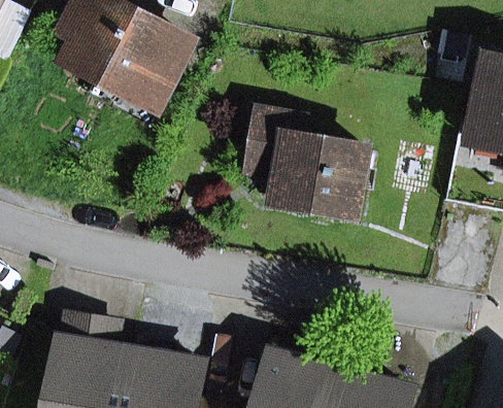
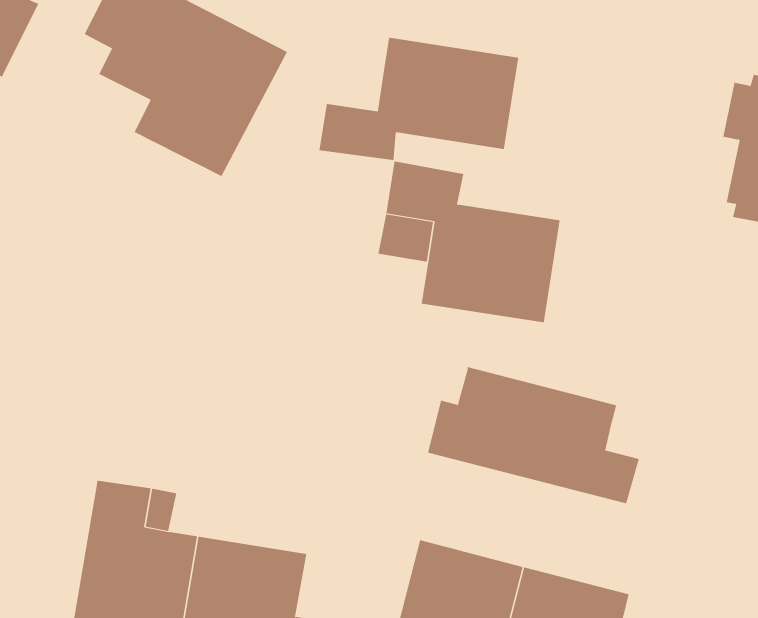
building: none -> [319,37,519,161]
building: none -> [428,366,639,504]

